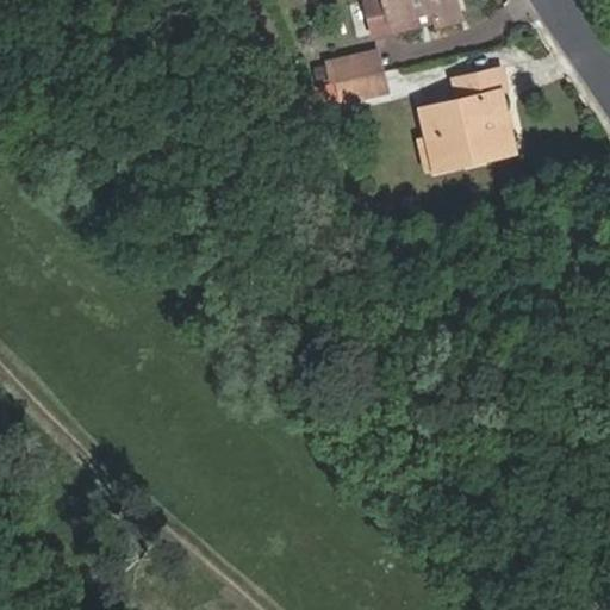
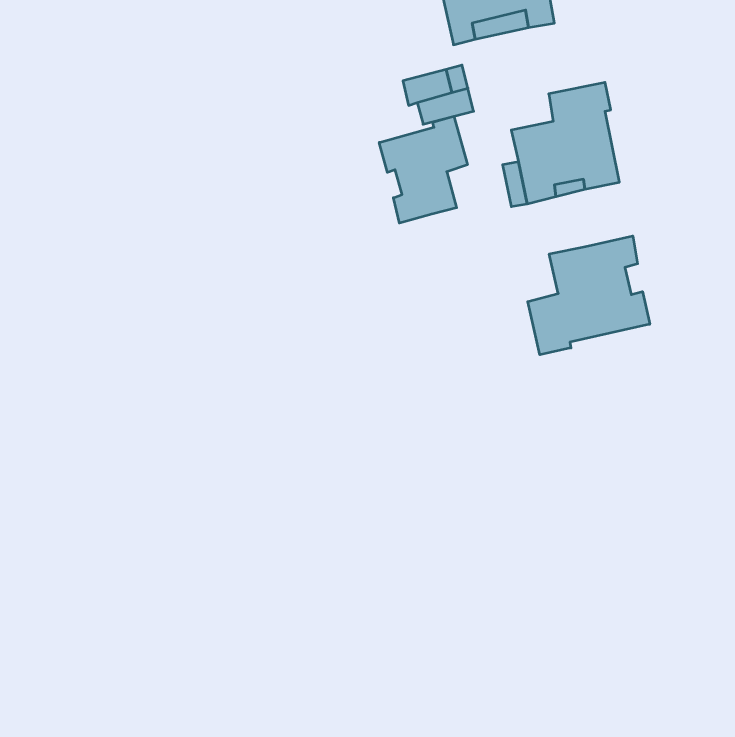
building: none -> [379,116,467,223]
building: none -> [528,236,650,355]

